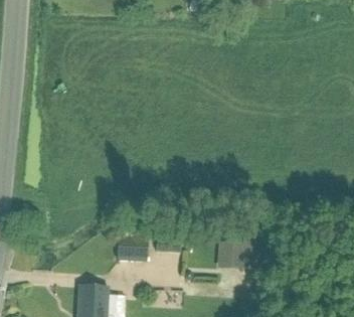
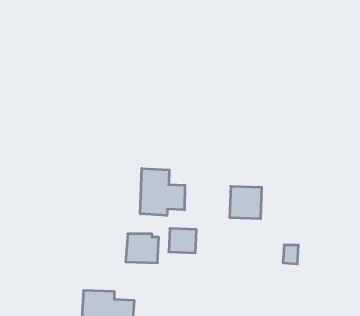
building: none -> [140,168,185,216]
building: [216,240,245,269] -> [230,186,262,219]

